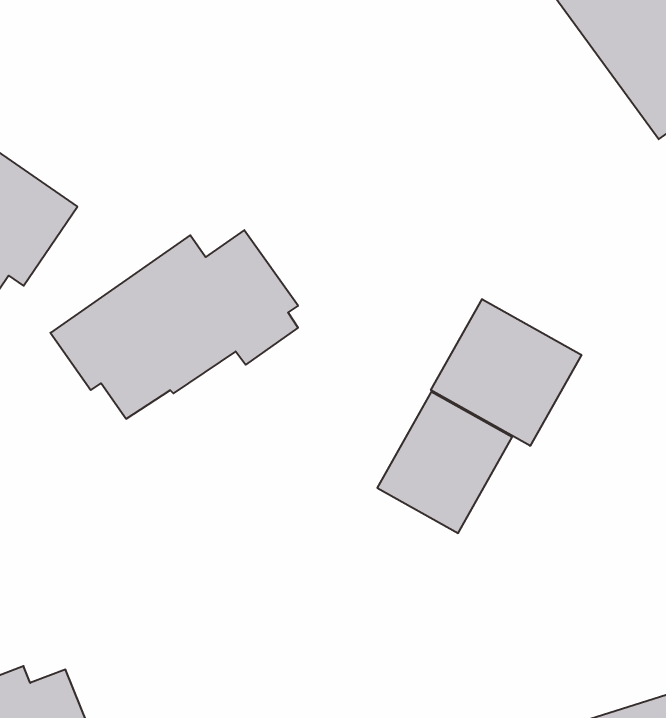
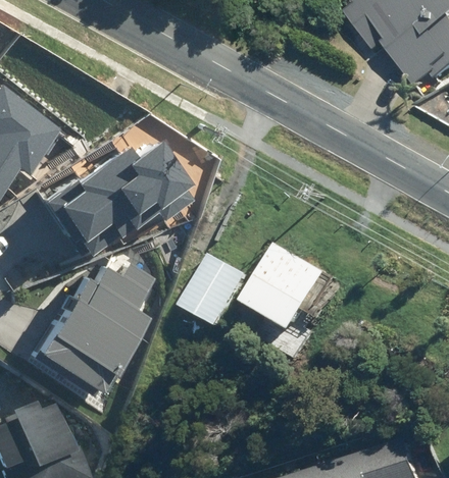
building: [431,299,581,446] -> none
building: none -> [182,253,247,324]
building: none -> [26,261,150,400]

